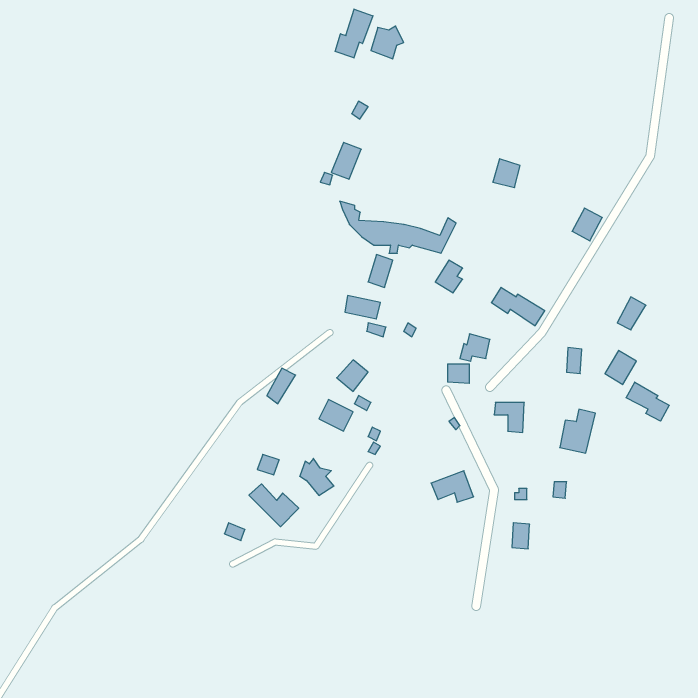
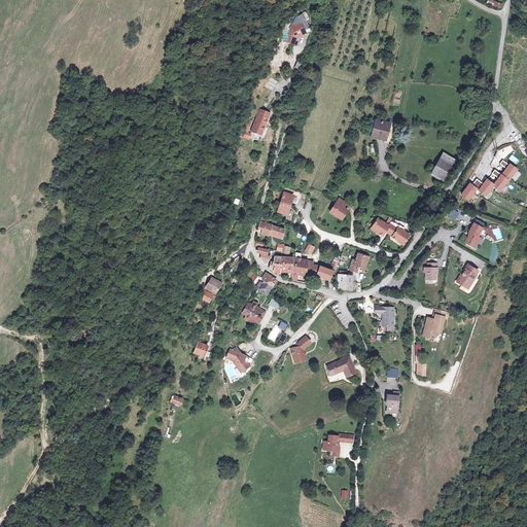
building: [335,9,373,58] -> none
building: [340,201,456,253] -> [253,241,341,280]
building: none -> [461,160,515,199]
building: [626,382,669,421] -> none
building: none -> [287,335,311,363]
building: [249,484,299,527] -> none
building: none -> [321,433,352,457]

